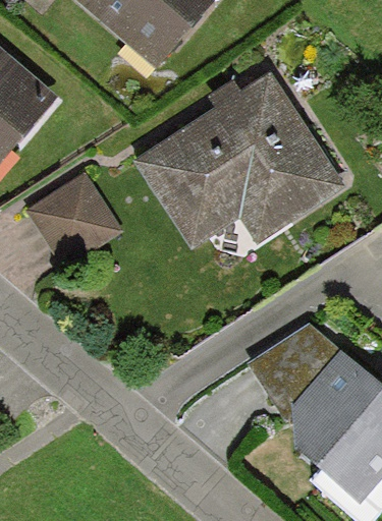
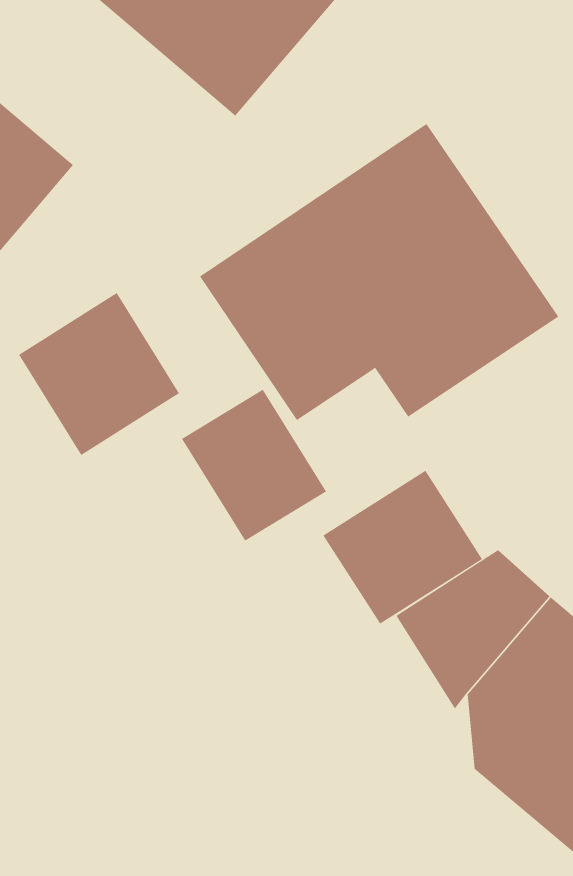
building: none -> [181,389,327,541]
building: none -> [323,470,483,625]

